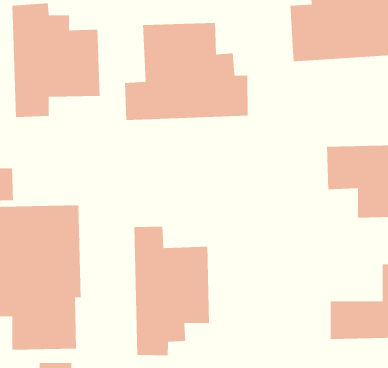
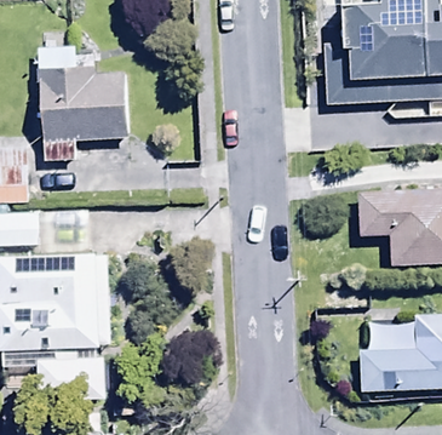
building: [124,22,248,121] -> none
building: [133,226,210,356] -> none

